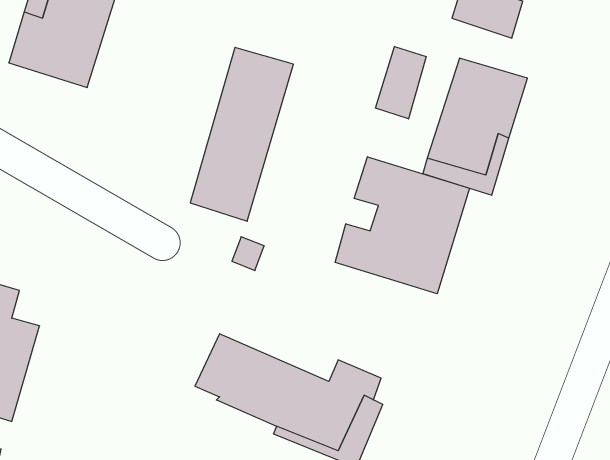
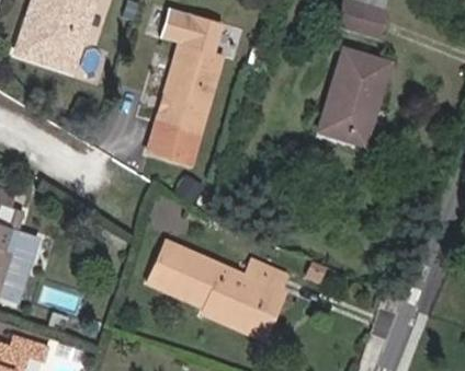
building: none -> [180,16,228,53]
building: [376,47,426,119] -> none
building: [335,157,470,294] -> none

